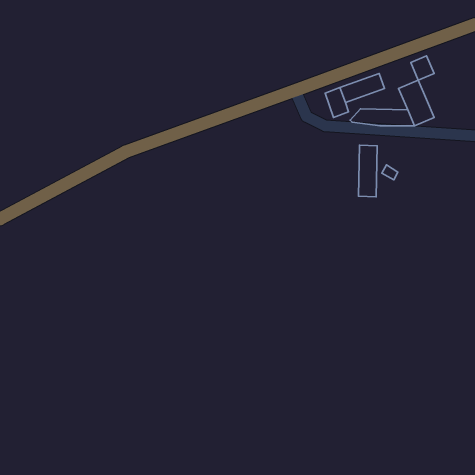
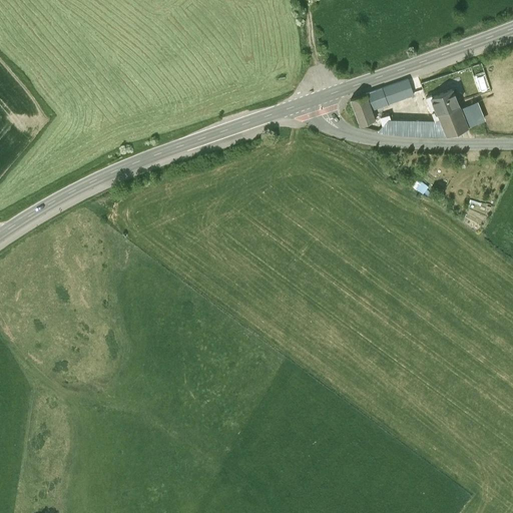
building: [411,56,434,80] -> [460,101,485,127]
building: [358,145,377,197] -> none

